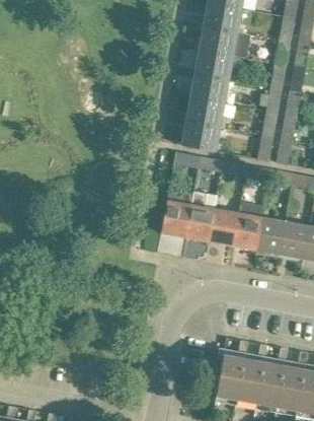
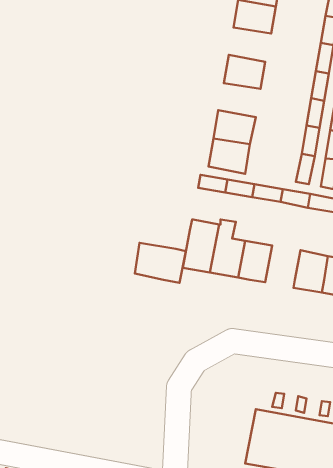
building: [201,25,237,55] -> none
building: [191,73,228,102] -> none
building: none -> [135,243,186,283]
building: [232,213,262,250] -> none

